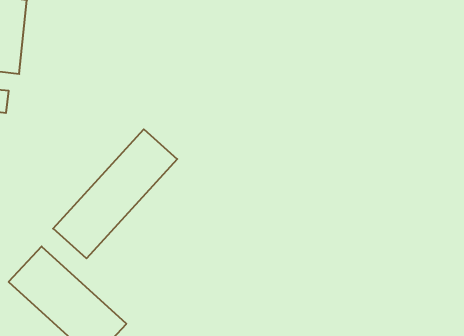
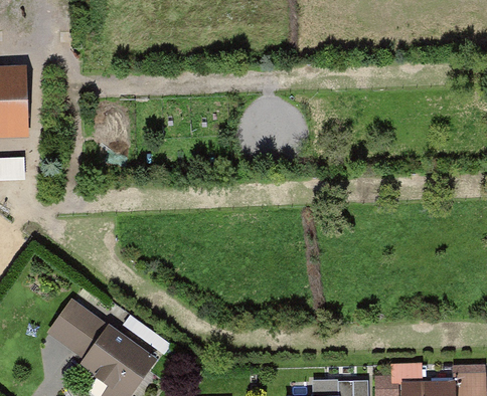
building: [53,129,177,258] -> none

